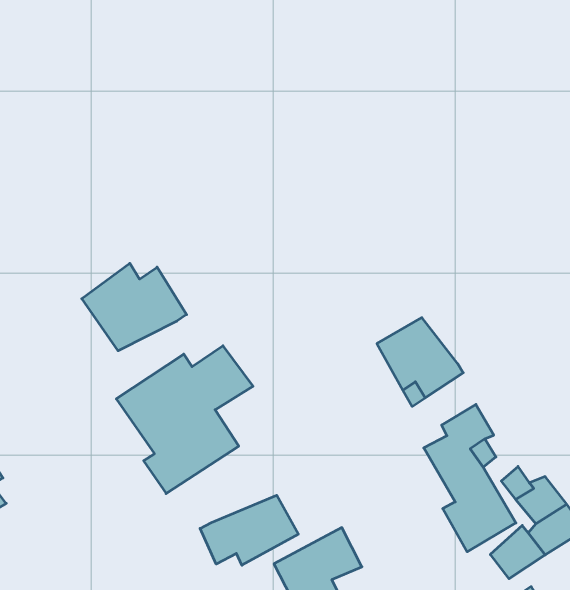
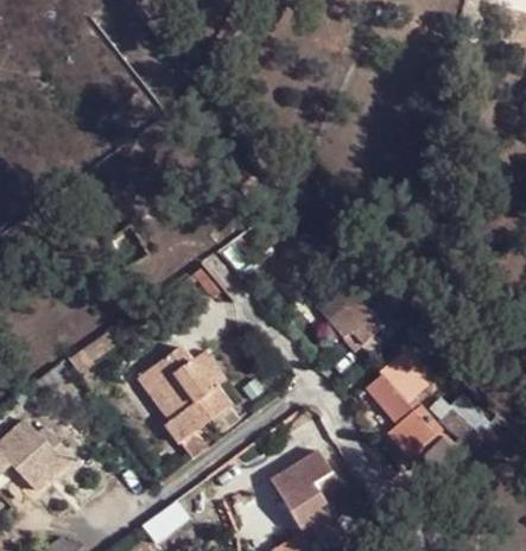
building: [82,263,187,351] -> none
building: [200,495,298,565] -> none

